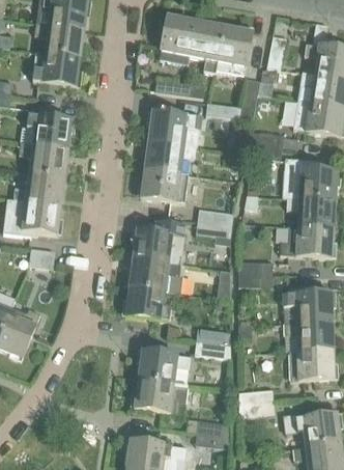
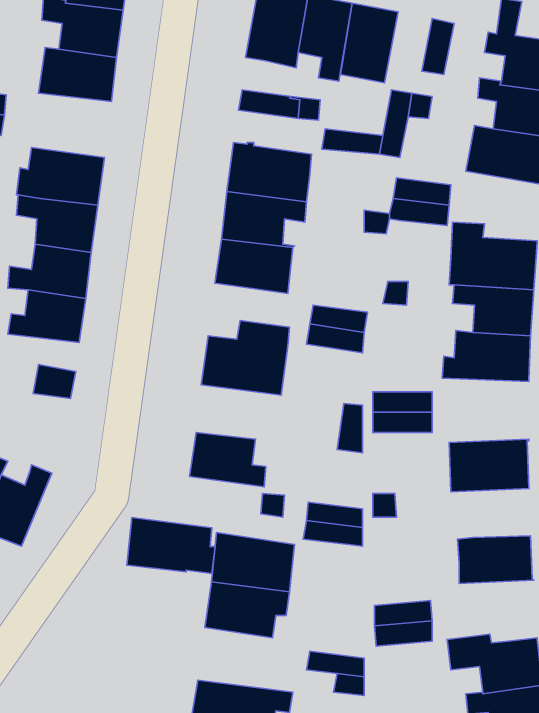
building: [128,257,182,292] -> [127,518,215,574]
building: [284,321,333,351] -> none

